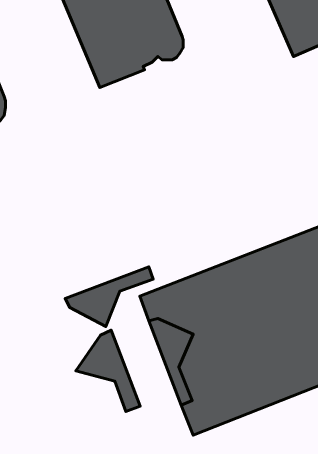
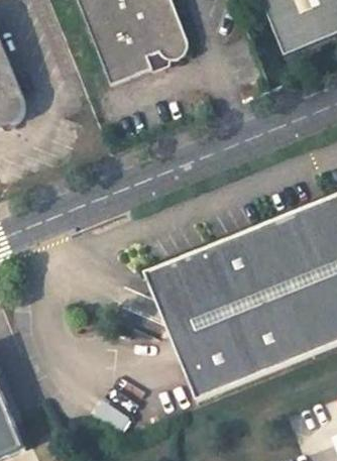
building: [65,267,153,326] -> none
building: [76,330,140,412] -> none

